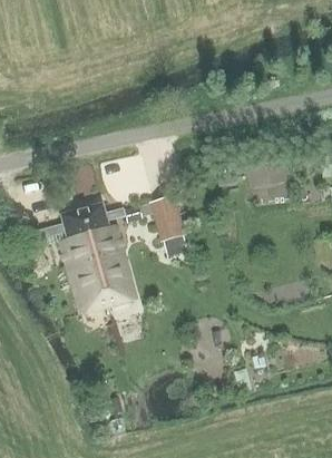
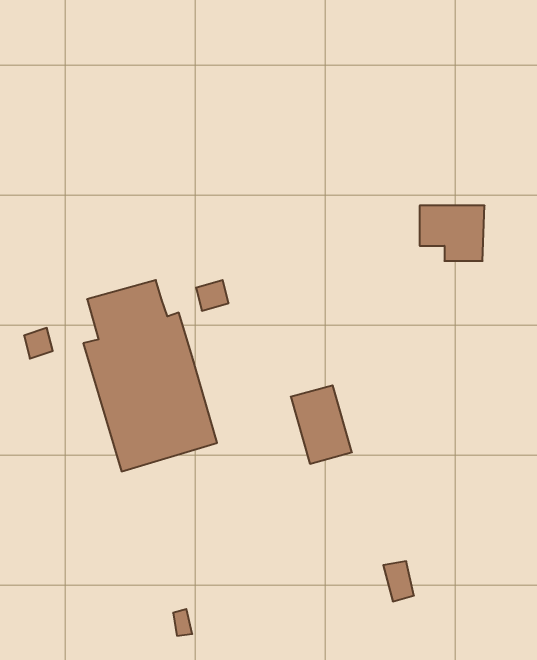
building: [150,196,186,242] -> [291,385,352,464]

